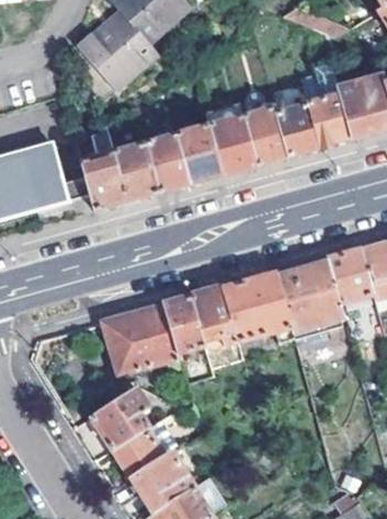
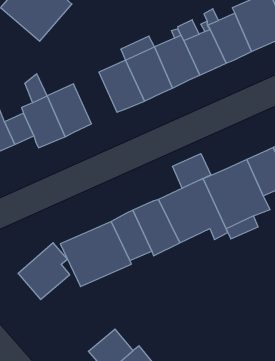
building: [143,134,186,191] -> none
building: none -> [173,154,211,188]
building: [92,384,150,446] -> [18,243,70,299]

